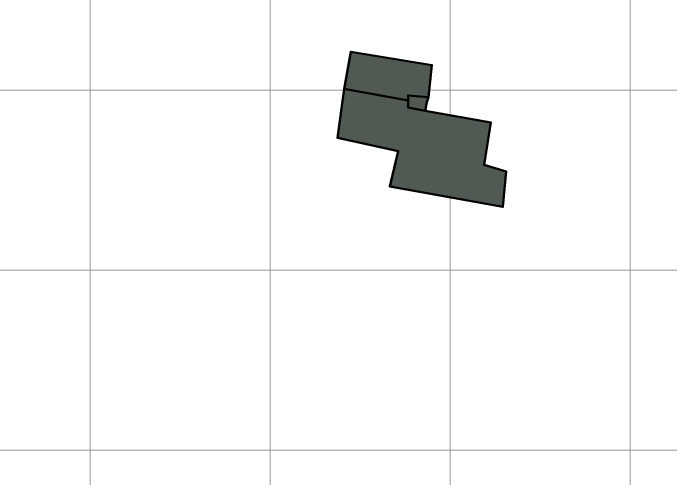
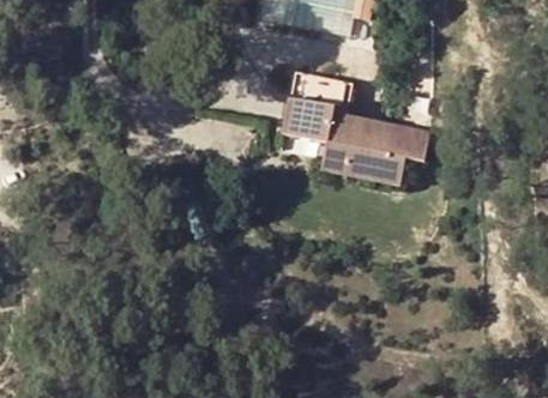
building: none -> [387,122,429,161]

